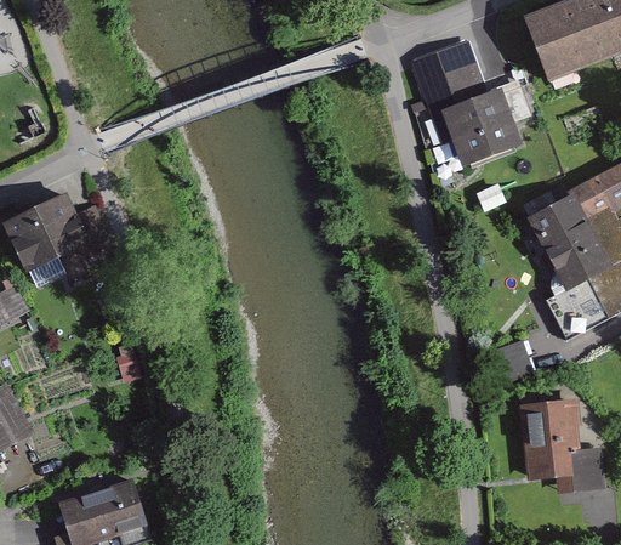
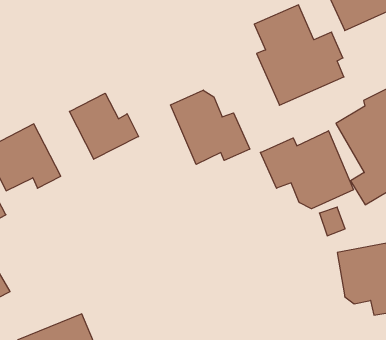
building: none -> [69,93,139,159]
building: none -> [171,90,250,164]
building: none -> [260,131,354,209]

